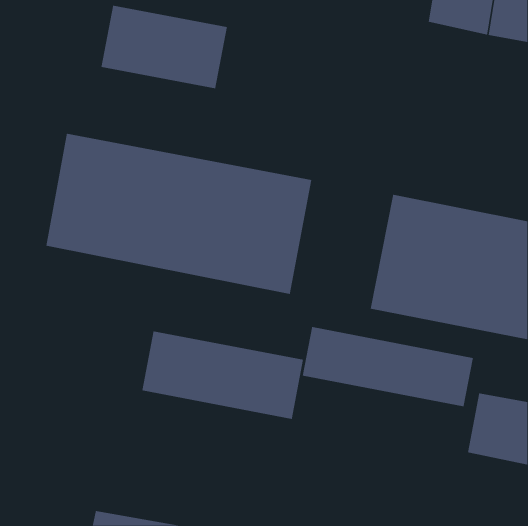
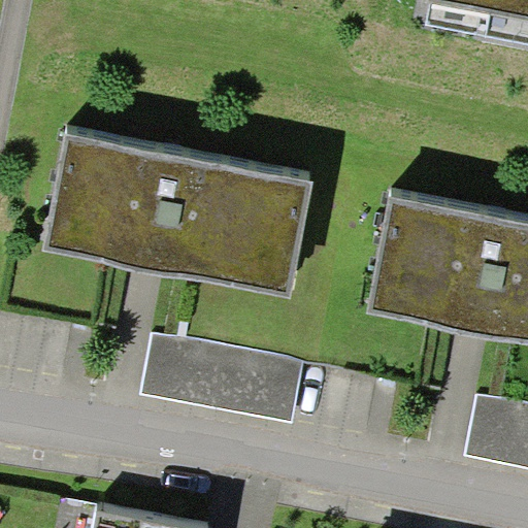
building: [101,5,228,89] -> none
building: [302,326,473,407] -> none

